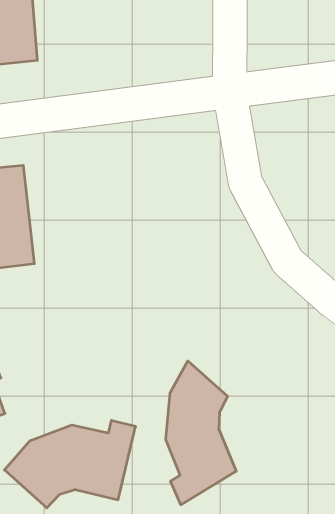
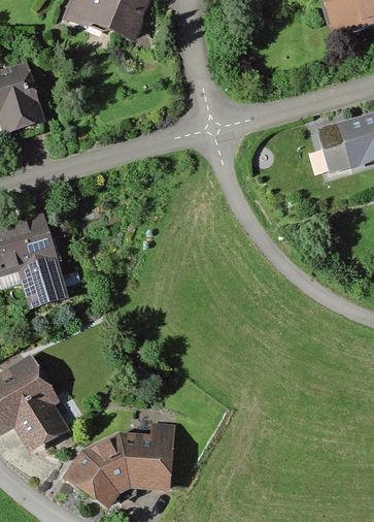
building: [166,361,236,505] -> none

